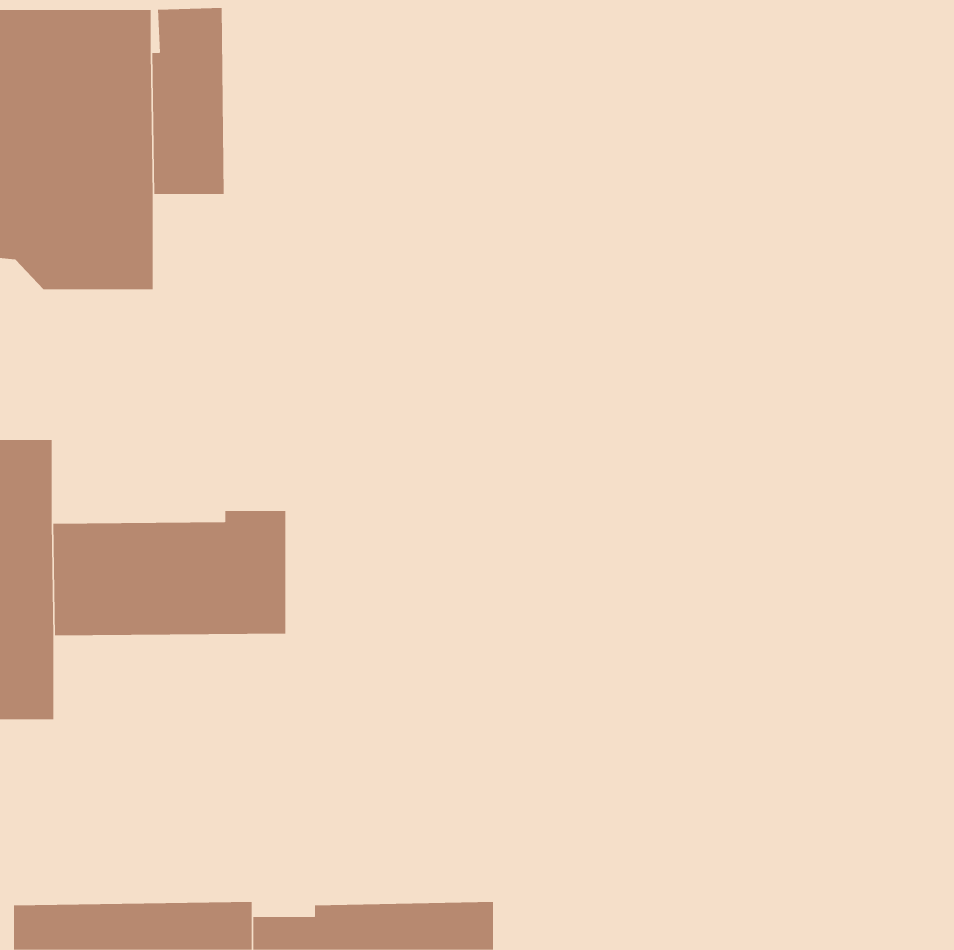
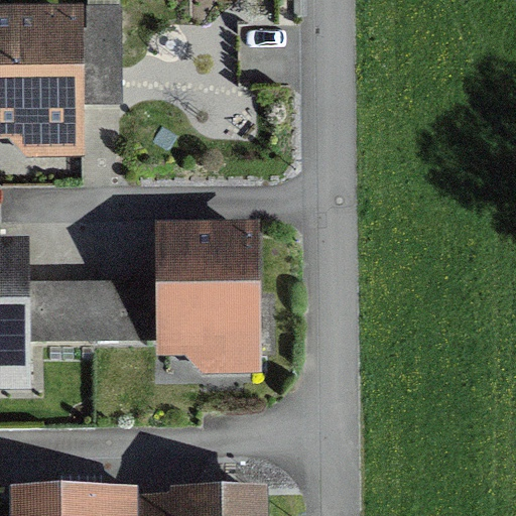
building: none -> [153,222,259,373]

